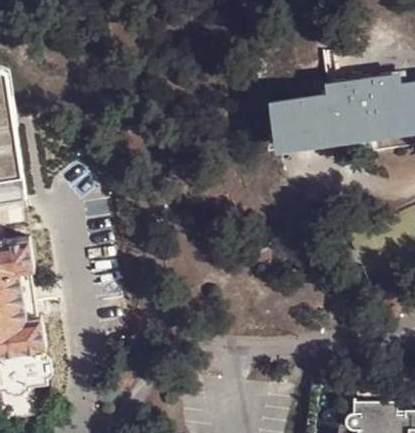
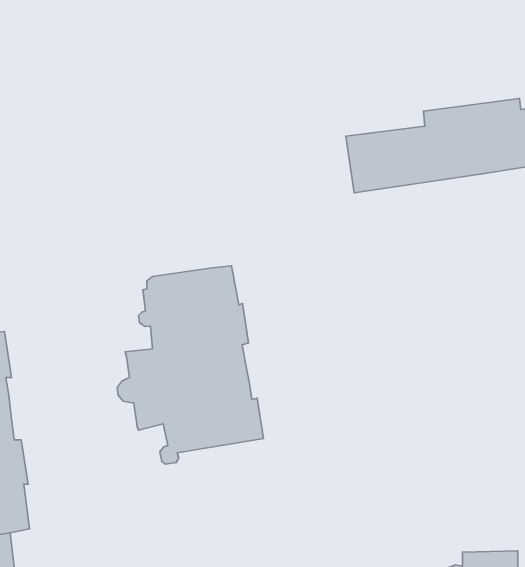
building: none -> [117,266,264,464]

